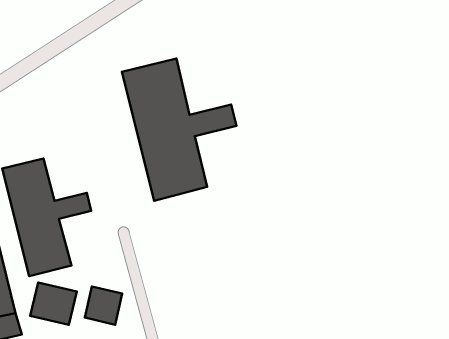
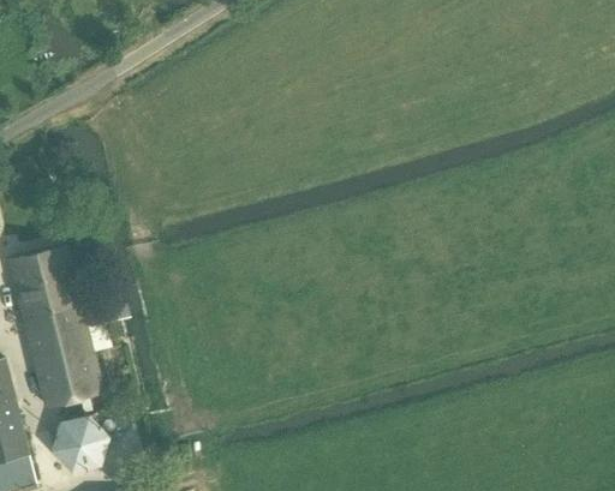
building: [122,58,237,201] -> none
building: [85,287,122,325] -> none

